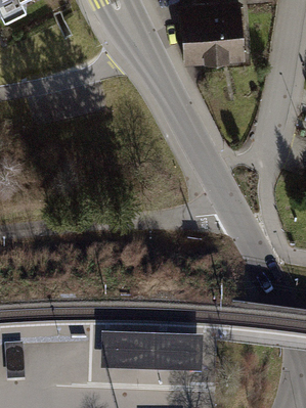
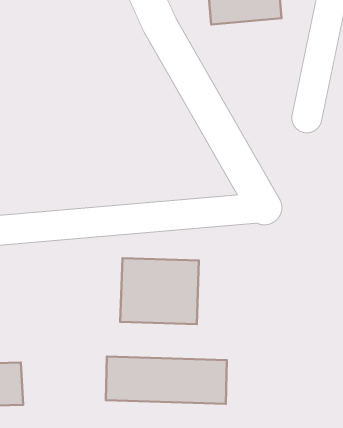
building: none -> [120,258,199,324]

